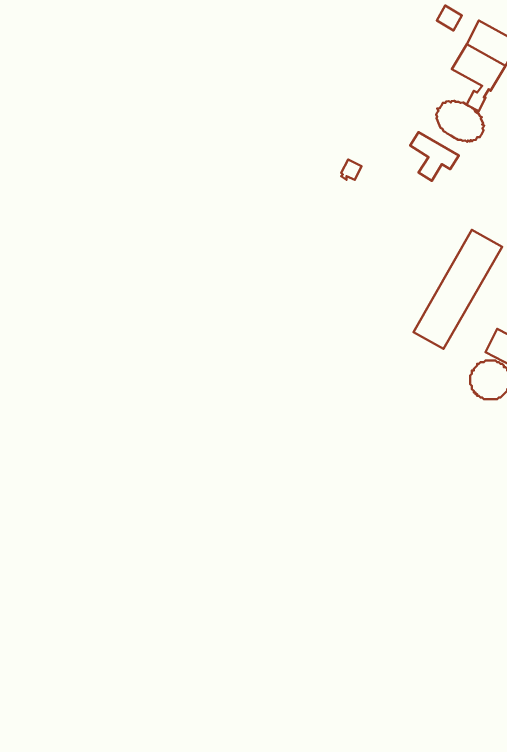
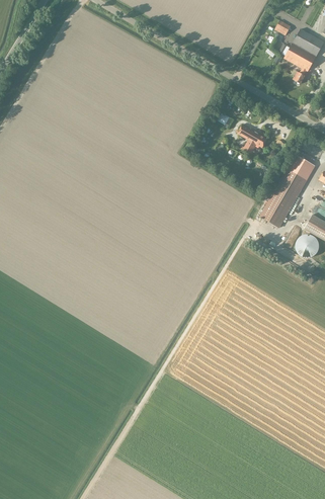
building: [436,101,484,142] -> none
building: [410,132,459,181] -> [238,124,267,154]

